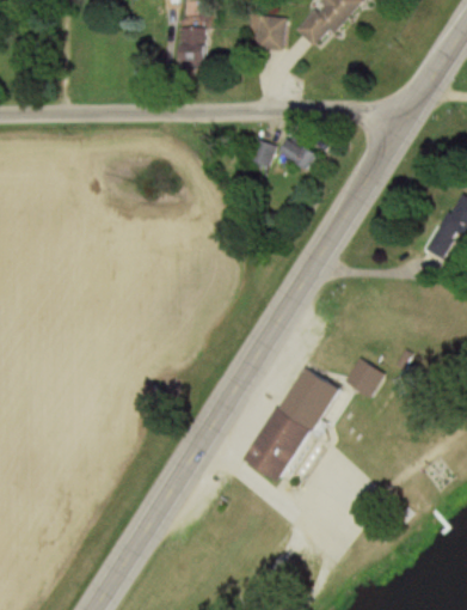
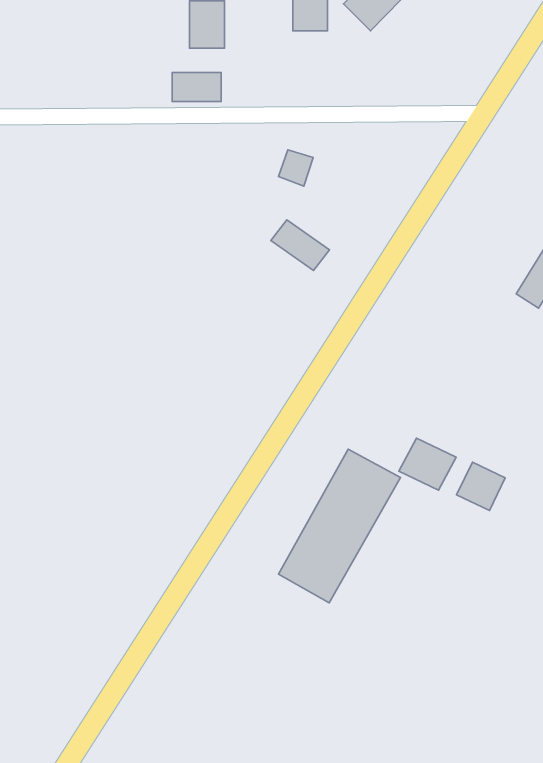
building: none -> [172,72,221,102]
building: [278,134,322,172] -> [271,220,329,270]
building: none -> [457,462,505,511]

